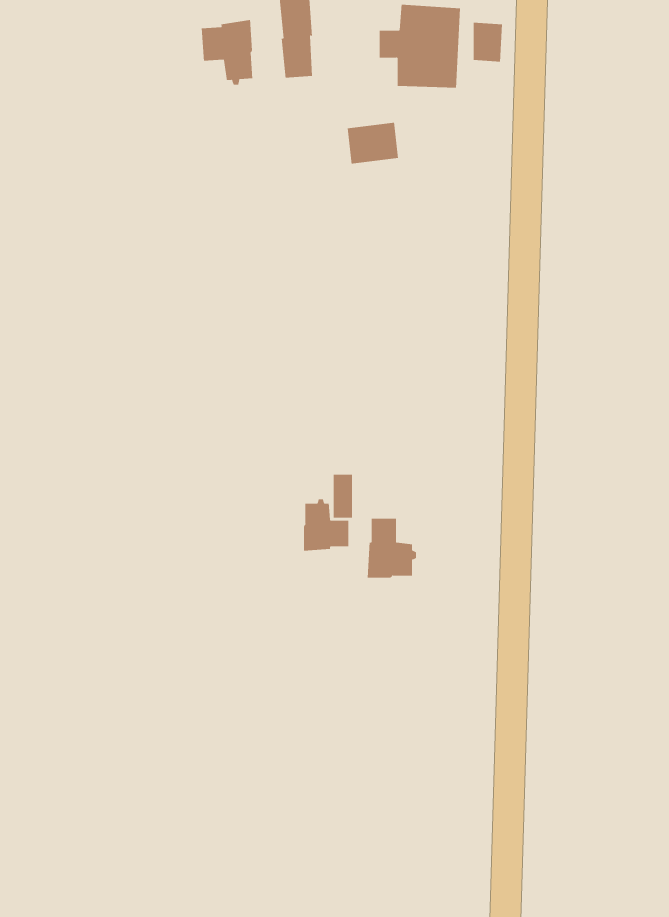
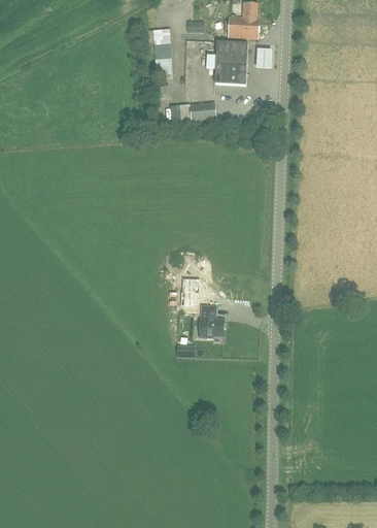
building: [201,19,253,86] -> none
building: [303,498,349,552] -> none

